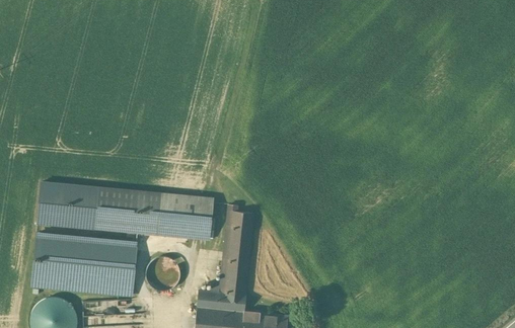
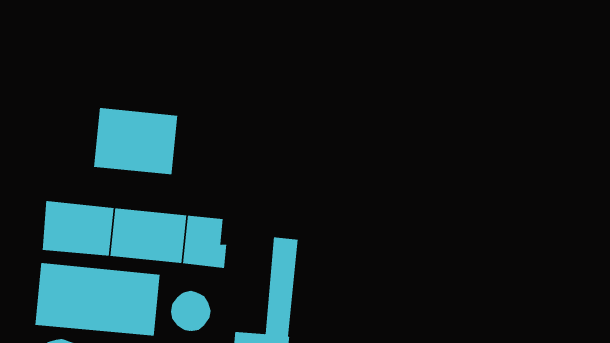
building: none -> [94,107,178,175]
building: [187,196,212,240] -> none

